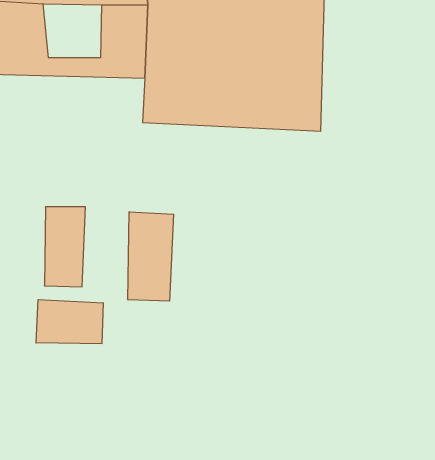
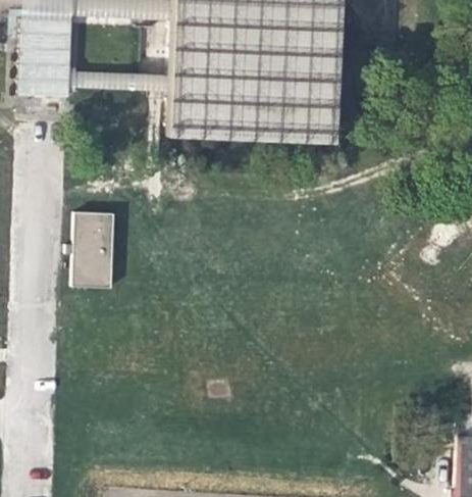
building: [128,212,173,301] -> none
building: [36,300,103,344] -> none

